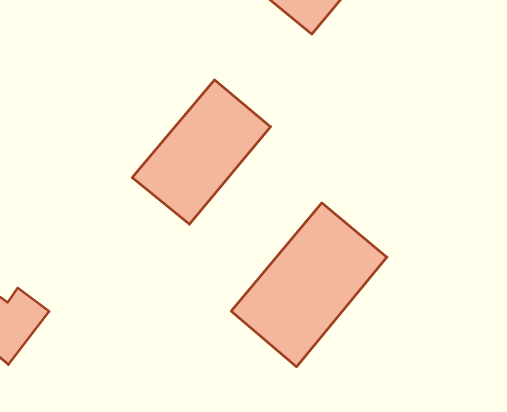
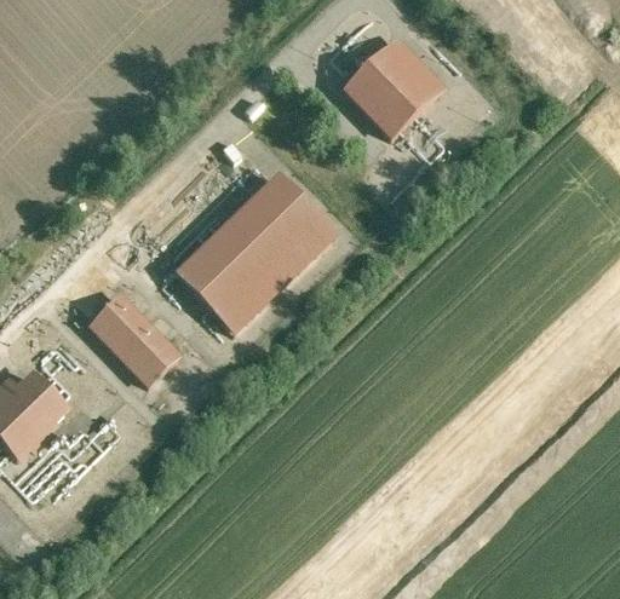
building: [231,203,387,367] -> none
building: none -> [90,294,177,381]

